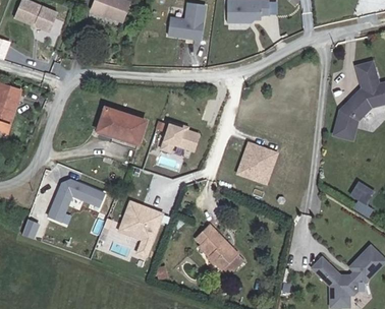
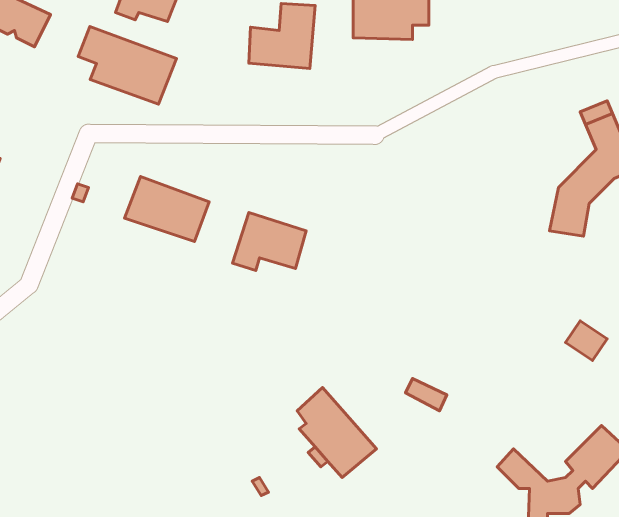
building: none -> [78,27,176,104]
building: [236,143,280,187] -> none
building: [47,178,105,225] -> none
building: [118,203,164,261] -> none

